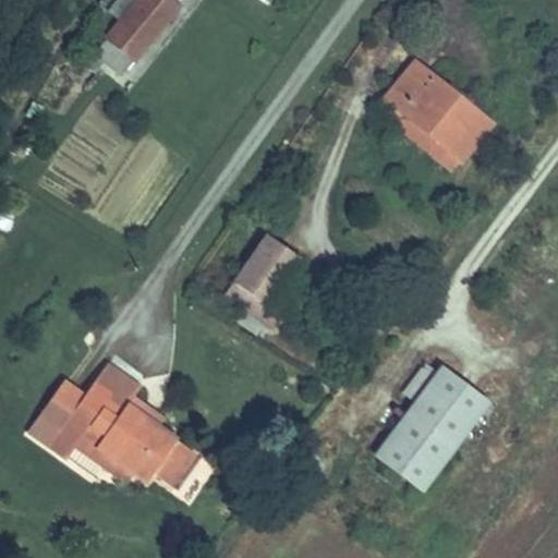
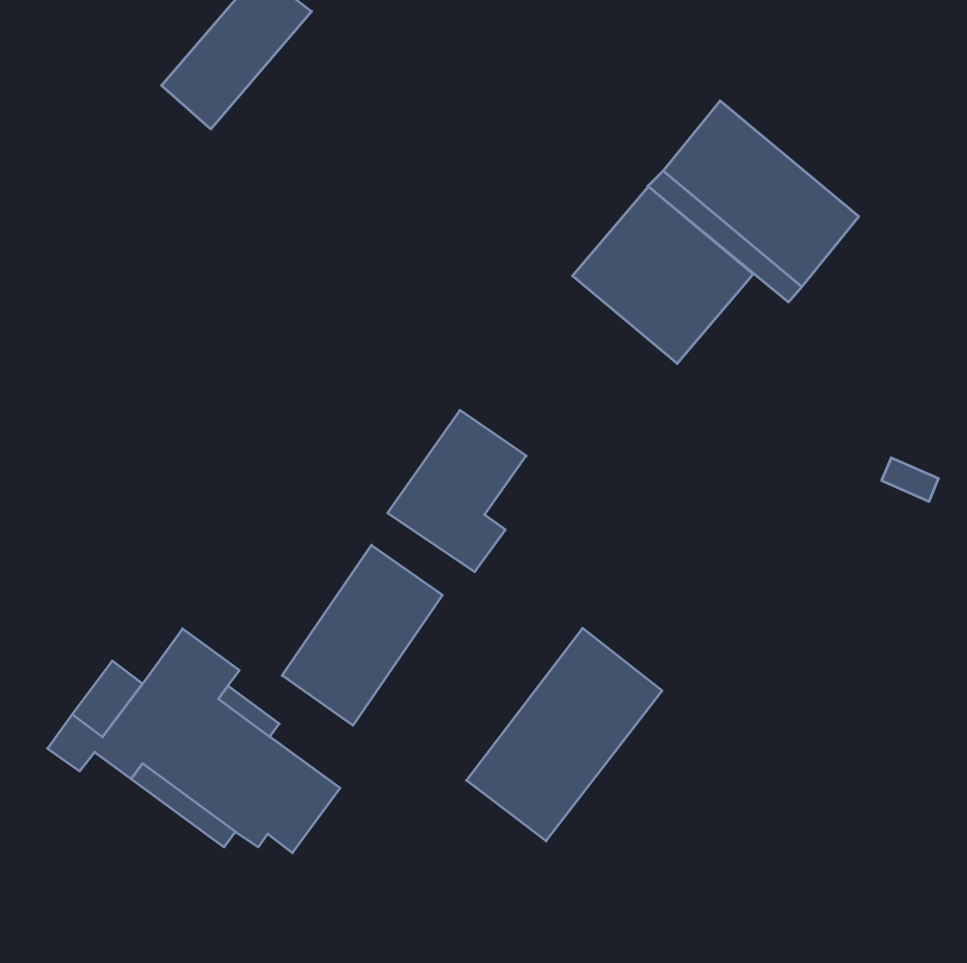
building: none -> [572,187,753,364]
building: none -> [282,545,442,725]
building: [377,366,489,488] -> [466,628,662,841]

